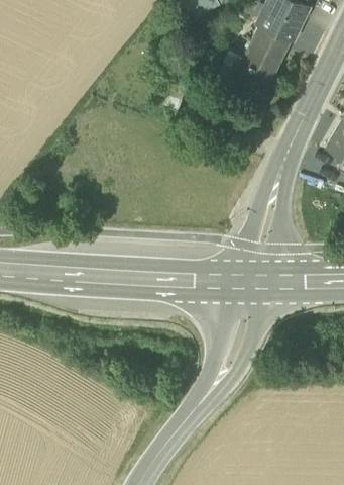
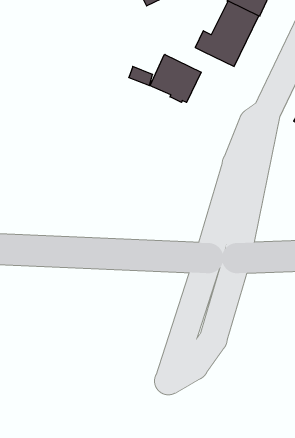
building: none -> [150,54,201,102]

